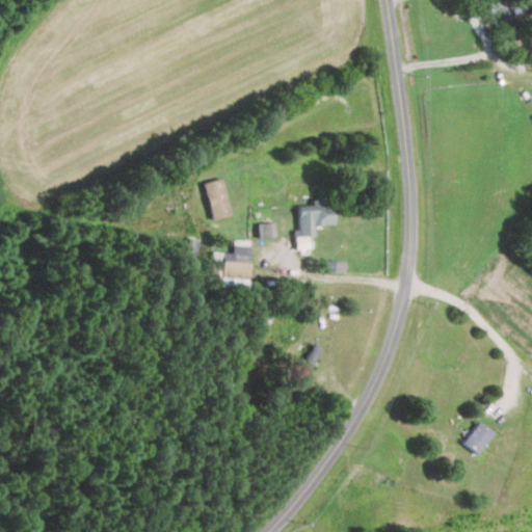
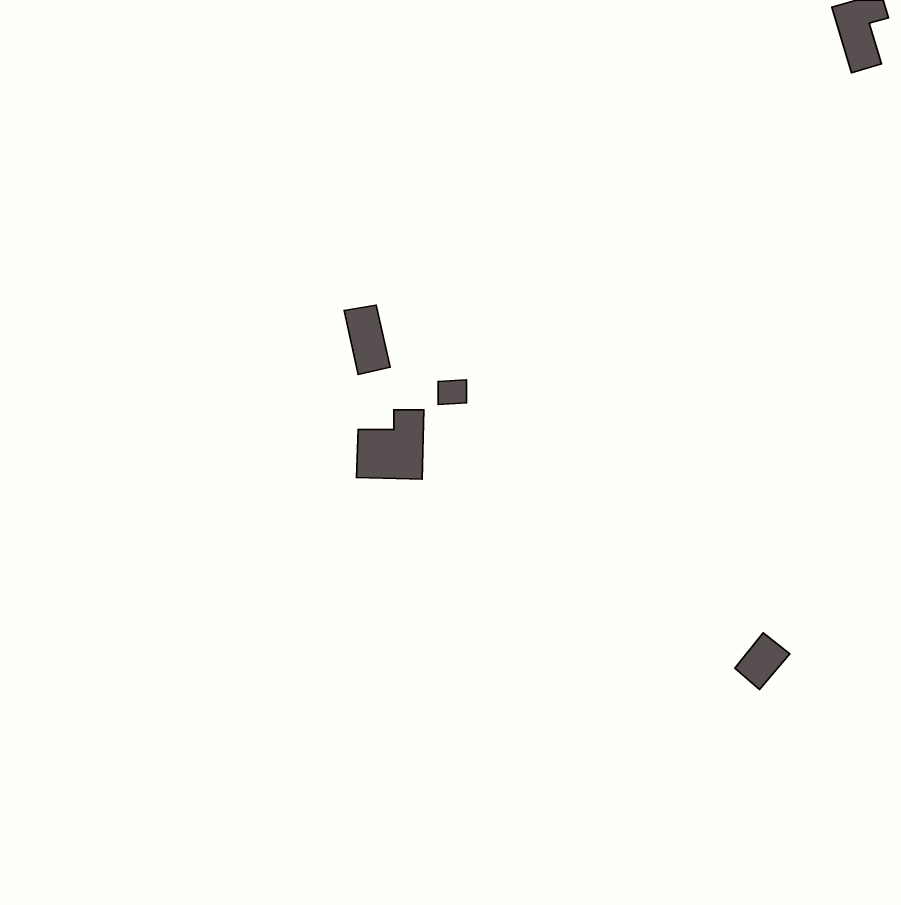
building: [299,201,336,238] -> none
building: [463,422,496,455] -> [735,633,790,689]

